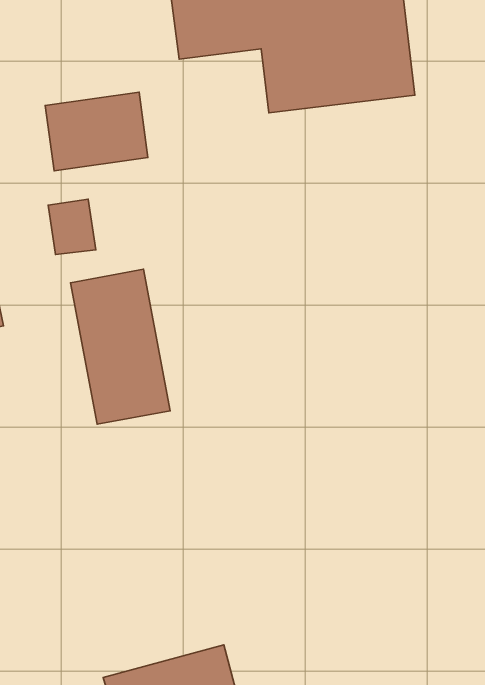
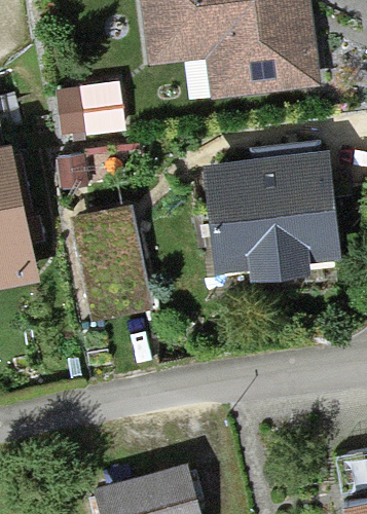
building: none -> [214,156,336,264]

